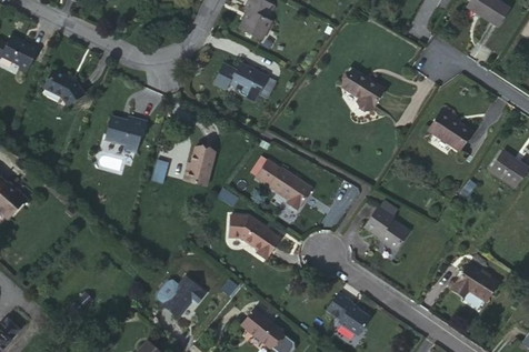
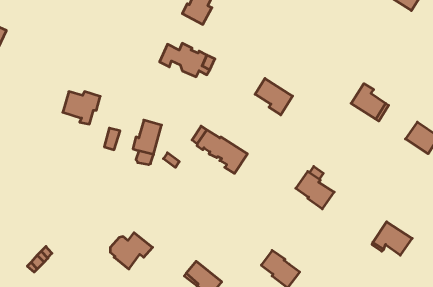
building: [341,69,383,110] -> [255,78,293,115]
building: [47,71,86,105] -> none
building: [229,212,279,258] -> none

